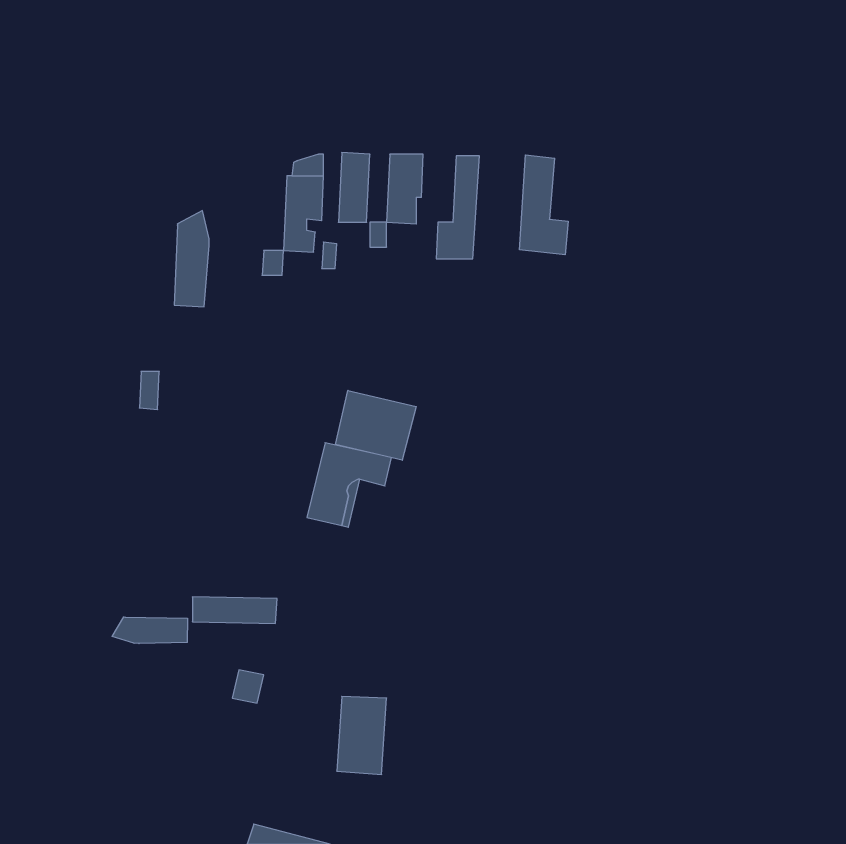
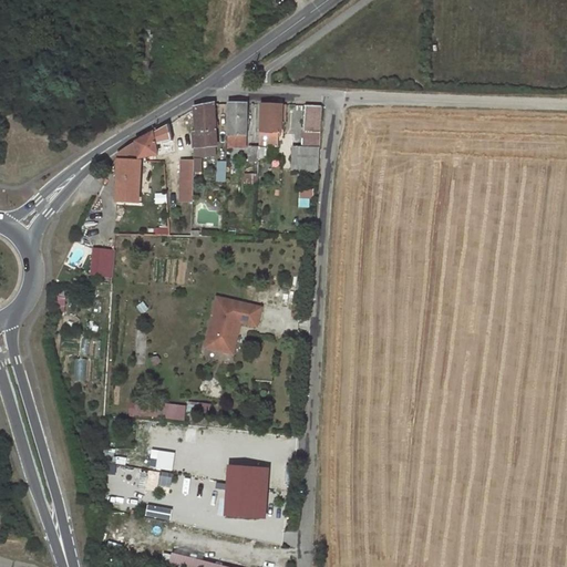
building: [520,155,568,255] -> none
building: none -> [135,127,165,159]
building: [335,390,416,460] -> none
building: [112,617,187,644] -> none

